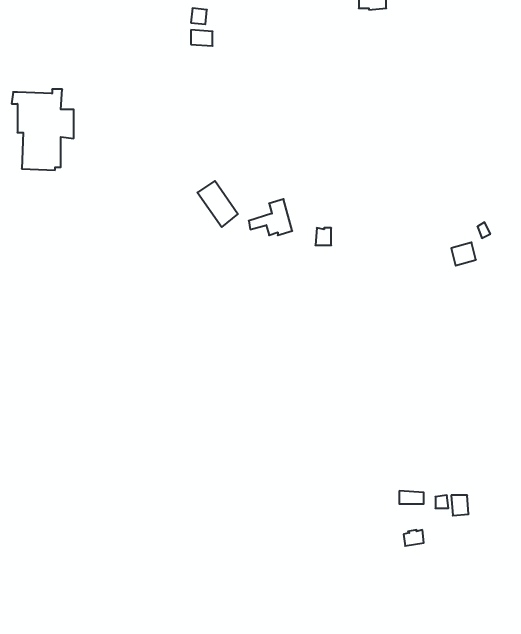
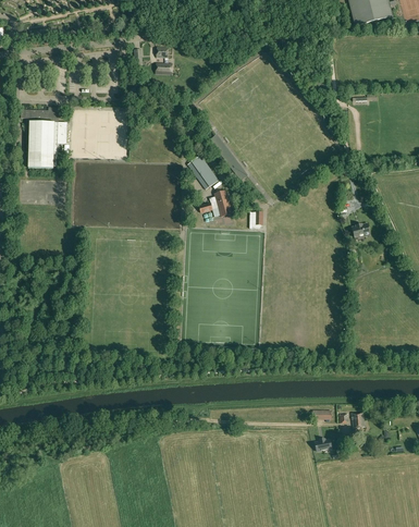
building: [197,181,238,227] -> [186,155,217,189]

